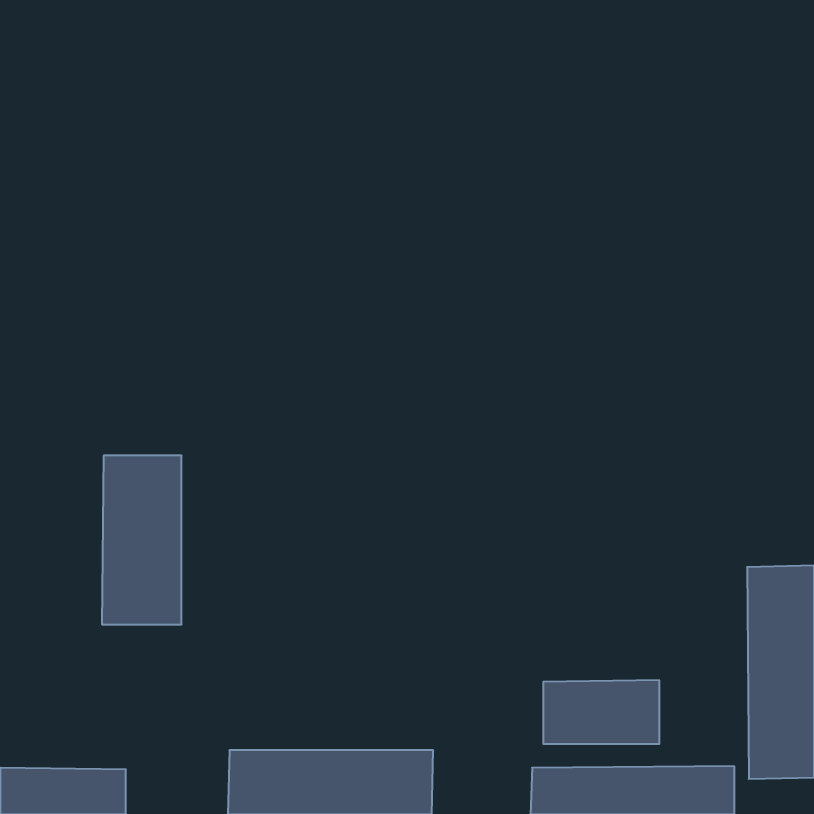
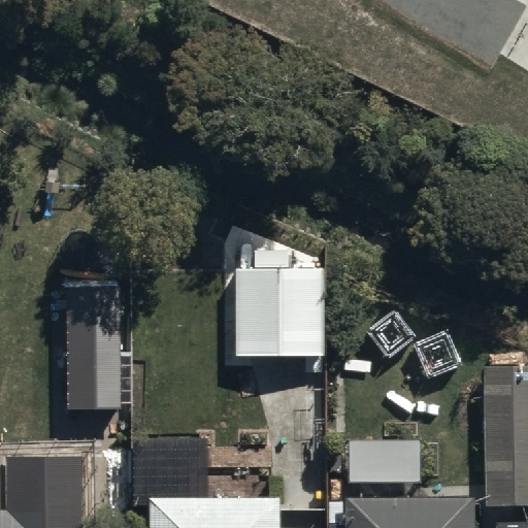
building: none -> [238,265,325,359]

